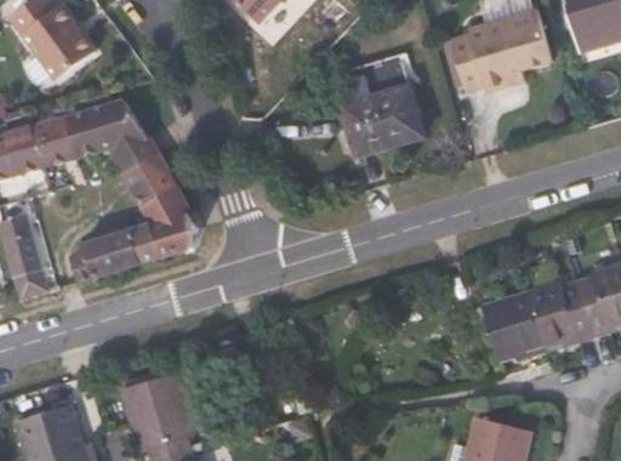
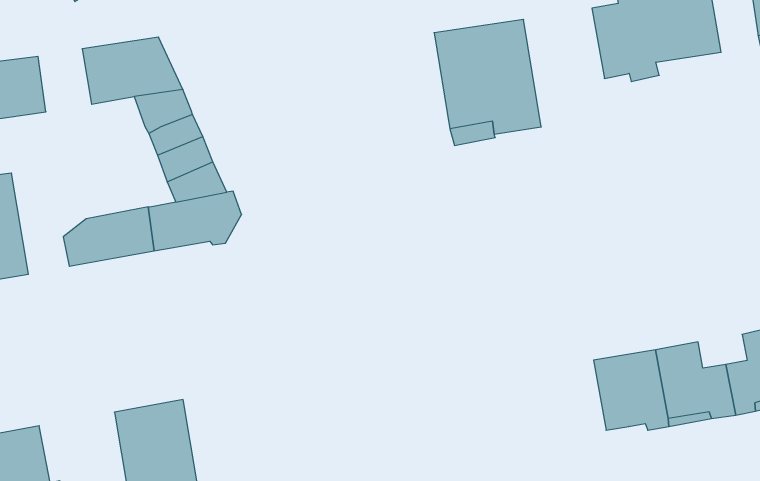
building: [34,116,79,167] -> none

